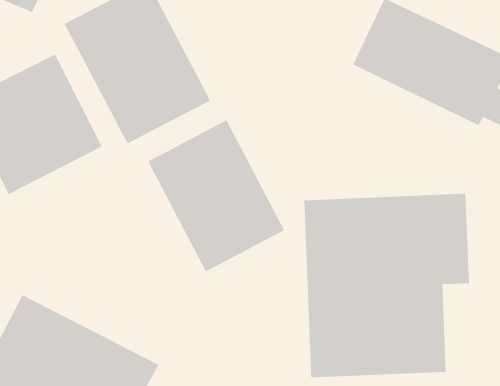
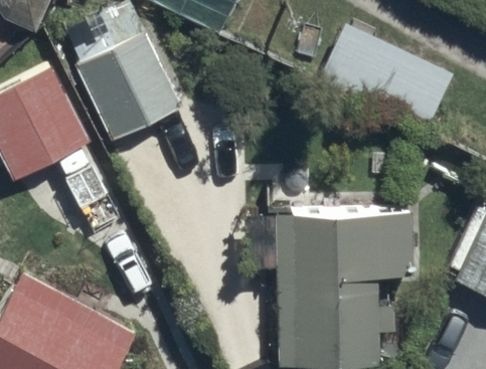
building: [147,119,285,273] -> none

